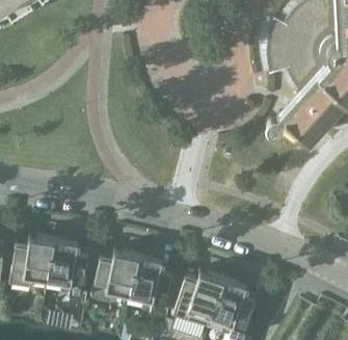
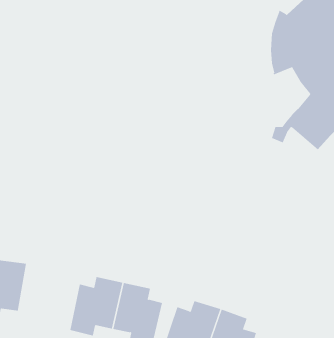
building: [47,239,88,296] -> none

